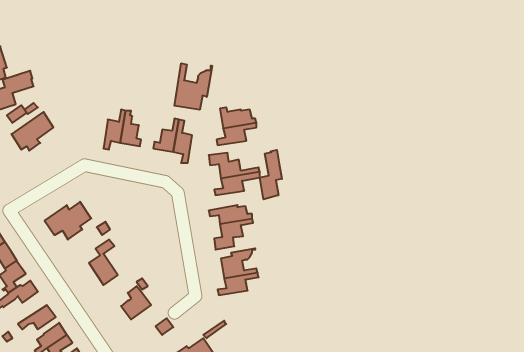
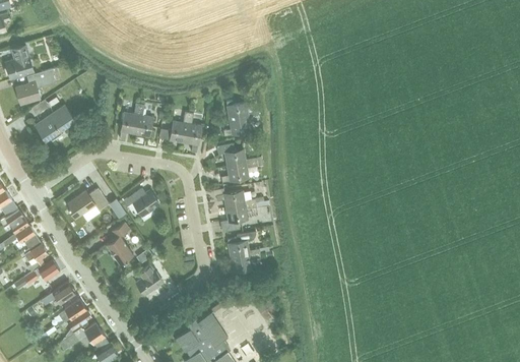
building: [174,63,212,110] -> none
building: [260,150,282,199] -> none
building: none -> [131,188,158,216]

